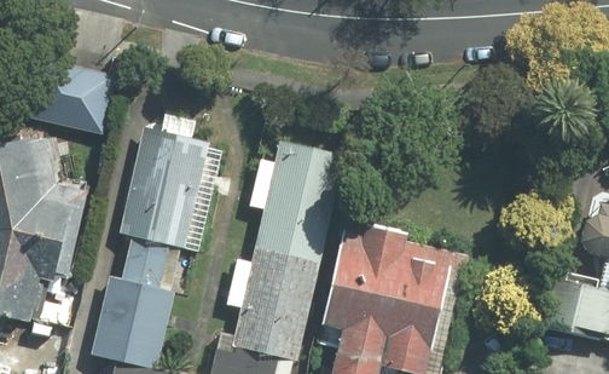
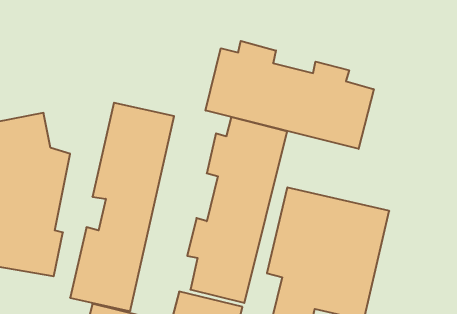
building: none -> [206,41,374,149]
building: [19,59,114,131] -> none

